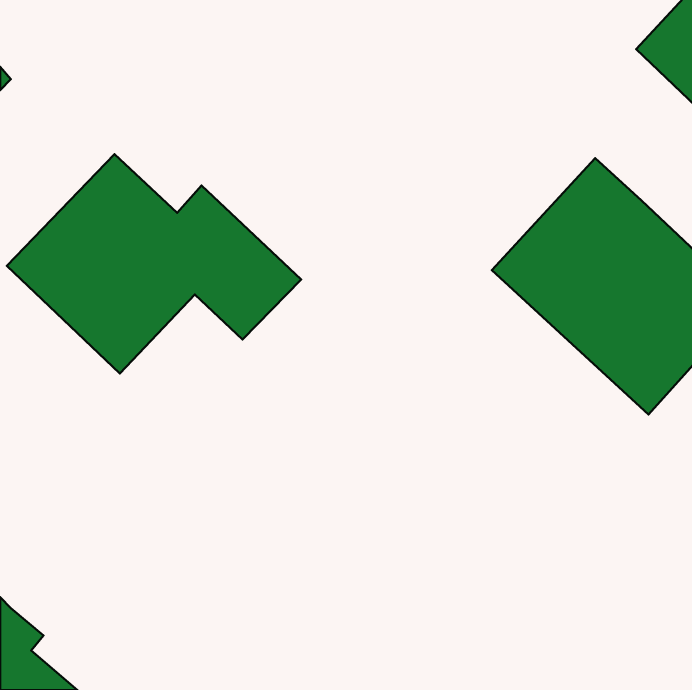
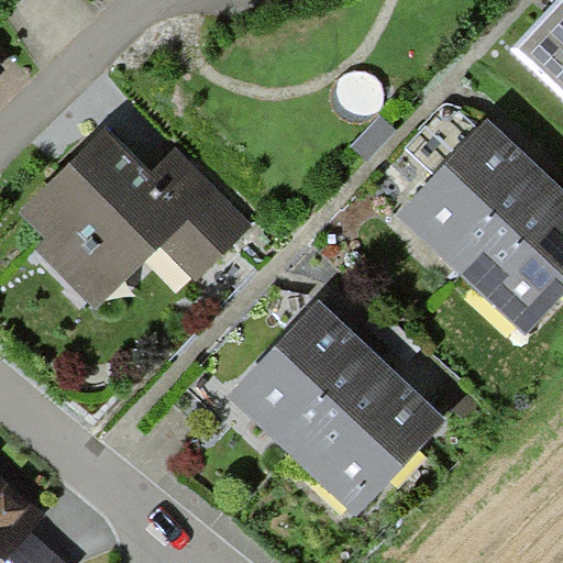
building: none -> [234,308,443,515]

